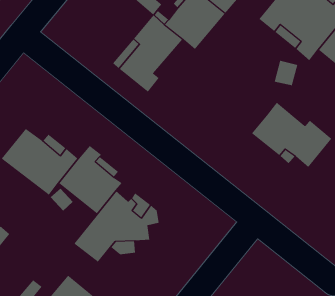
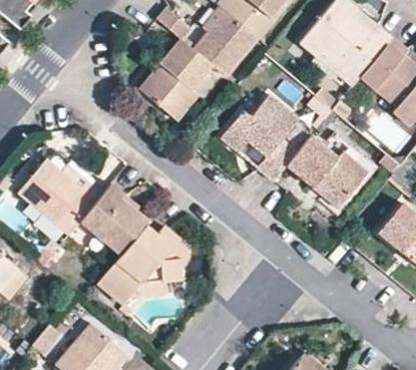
building: none -> [220,92,304,183]

